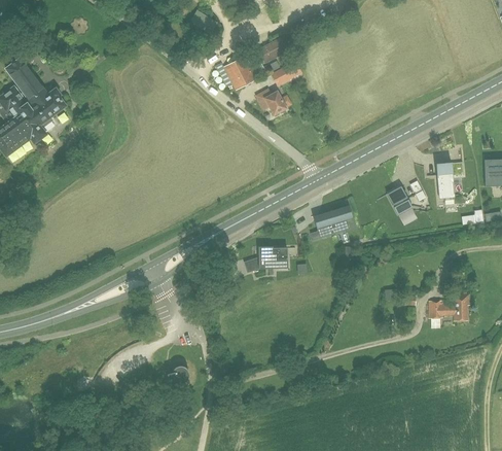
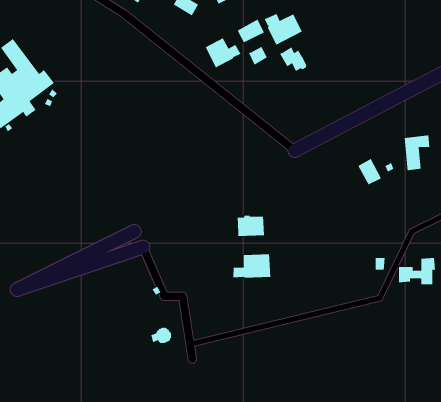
building: none -> [264,13,303,46]
building: [255,88,285,114] -> [279,47,307,72]
building: [310,205,352,240] -> none
building: none -> [233,254,271,278]

